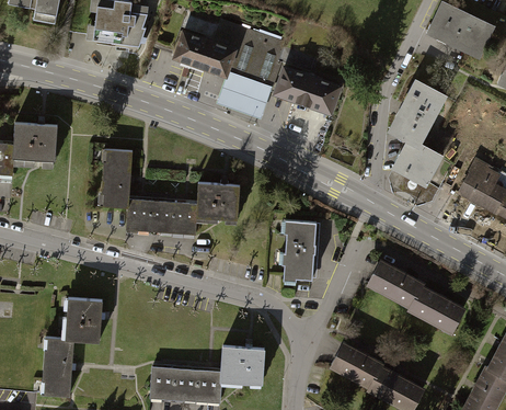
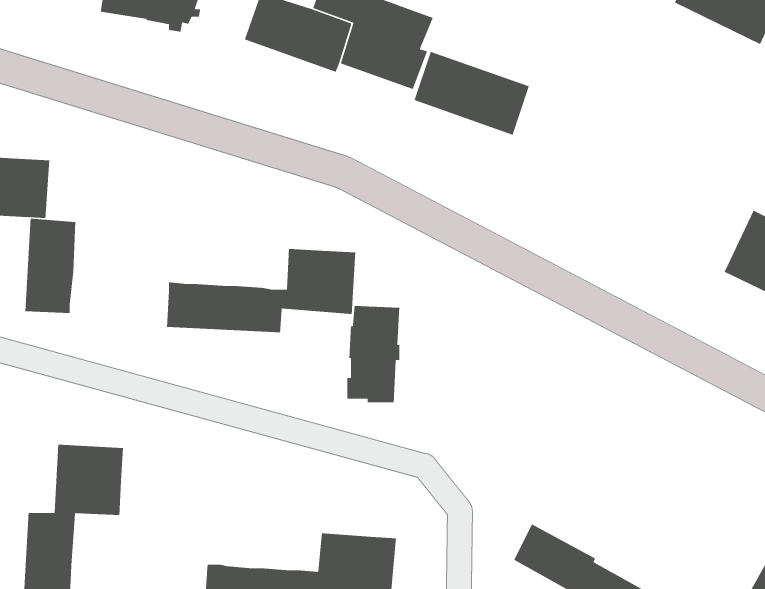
building: [218,70,273,117] -> none
building: [392,81,445,186] -> none
building: [101,148,131,205] -> [24,218,76,314]
building: [285,220,317,278] -> [347,305,400,403]
building: [370,261,463,330] -> none

